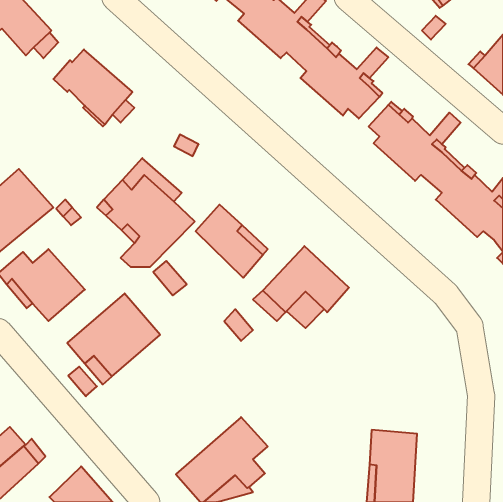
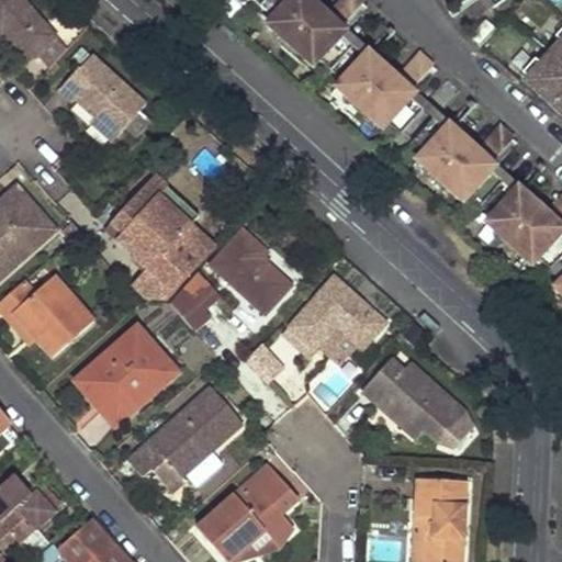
building: none -> [361,358,467,445]
building: none -> [127,386,245,494]

